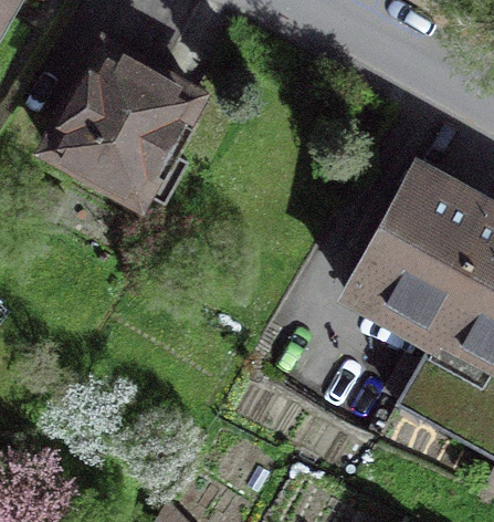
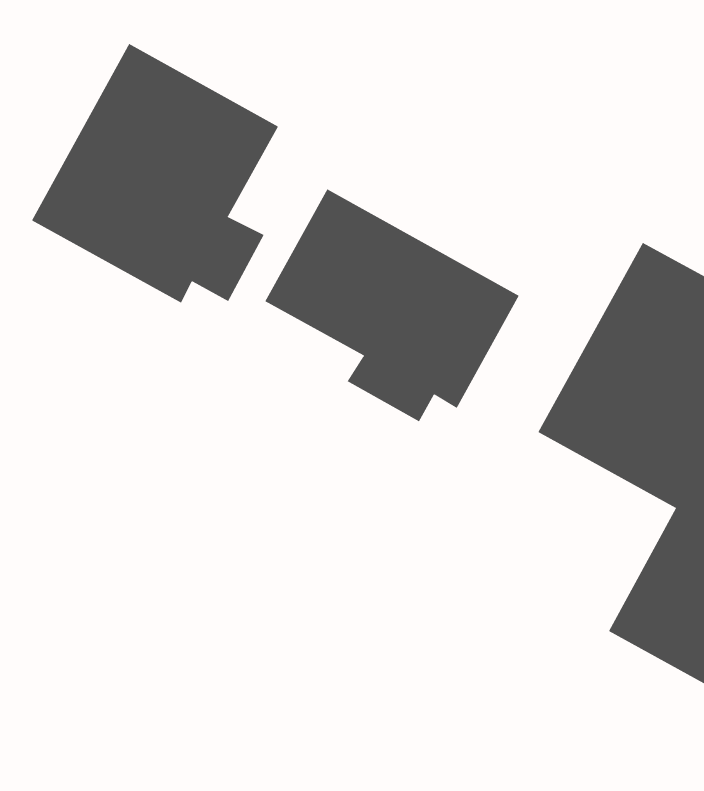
building: none -> [264,188,520,422]

